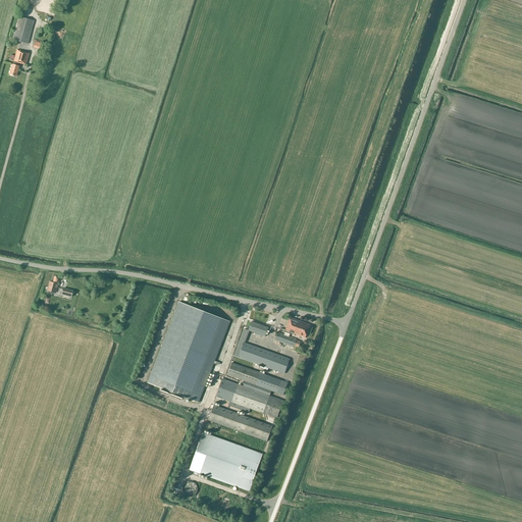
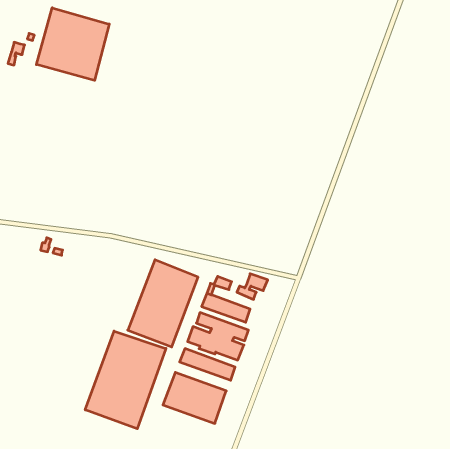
building: none -> [36,8,109,80]
building: [12,15,34,43] -> none
building: none -> [85,331,166,429]

